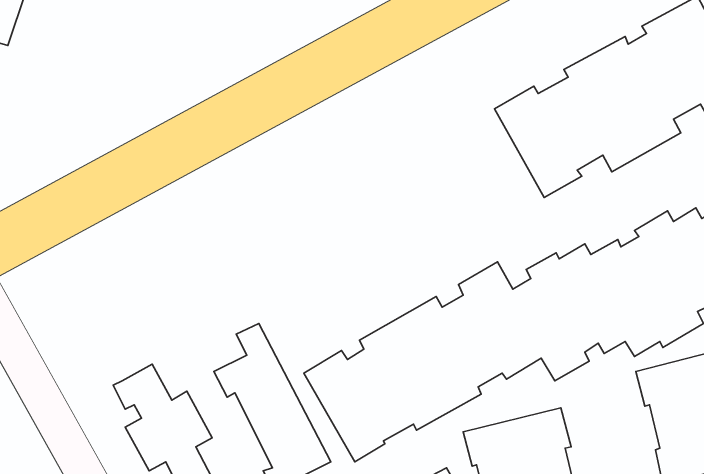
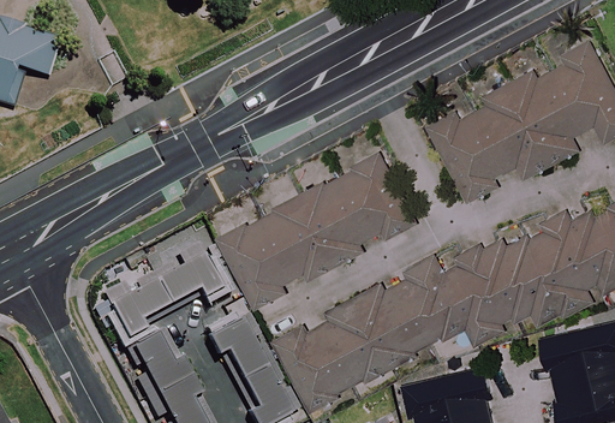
building: none -> [222,150,419,304]
building: none -> [101,237,221,338]

